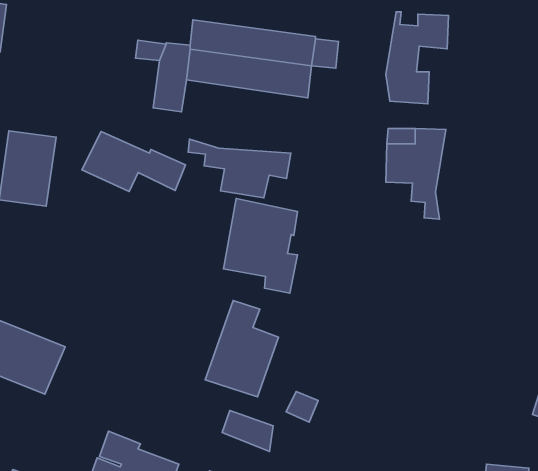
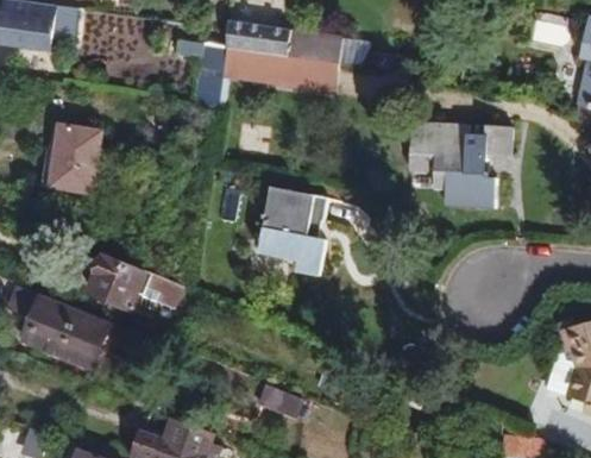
building: [386,12,448,104] -> [455,123,514,208]
building: [82,132,185,192] -> [87,256,183,312]
building: [188,139,291,198] -> none
building: [205,300,278,397] -> none

